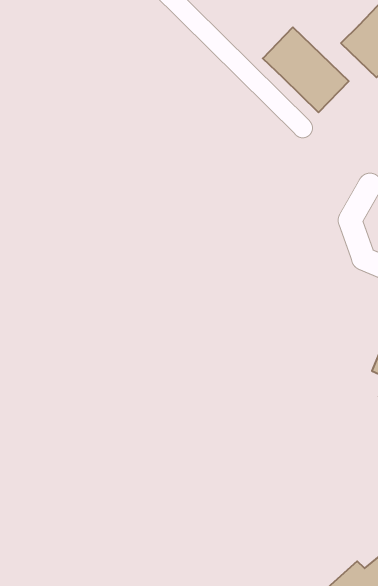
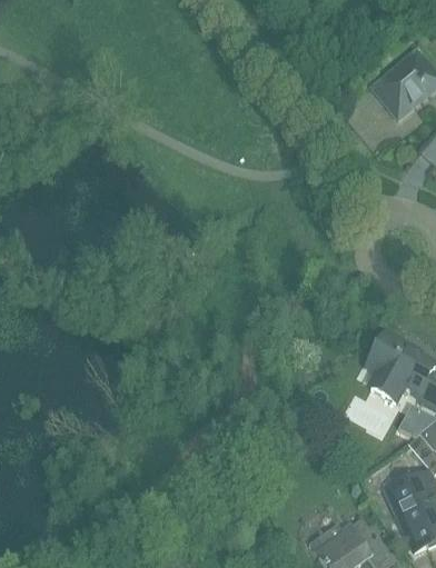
building: [263,27,349,112] -> none

